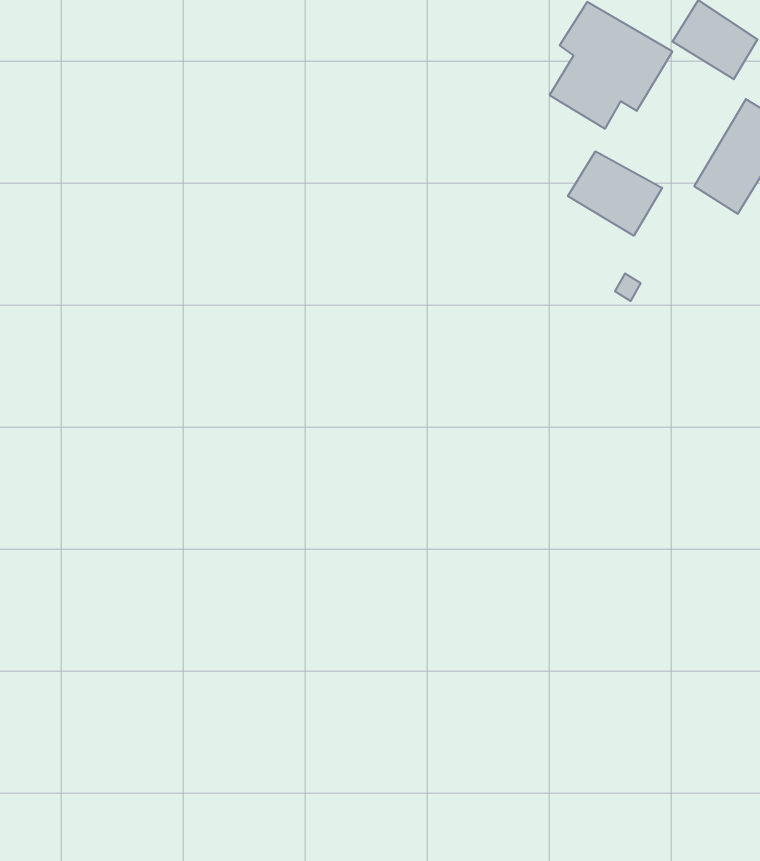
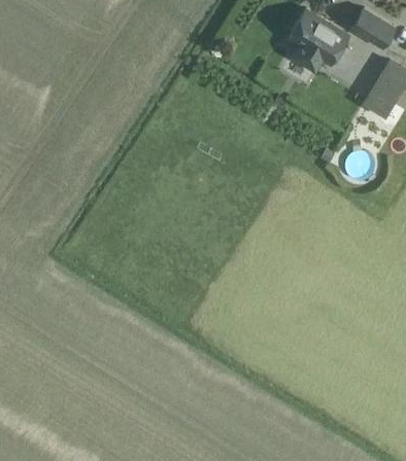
building: [568,151,662,236] -> none

